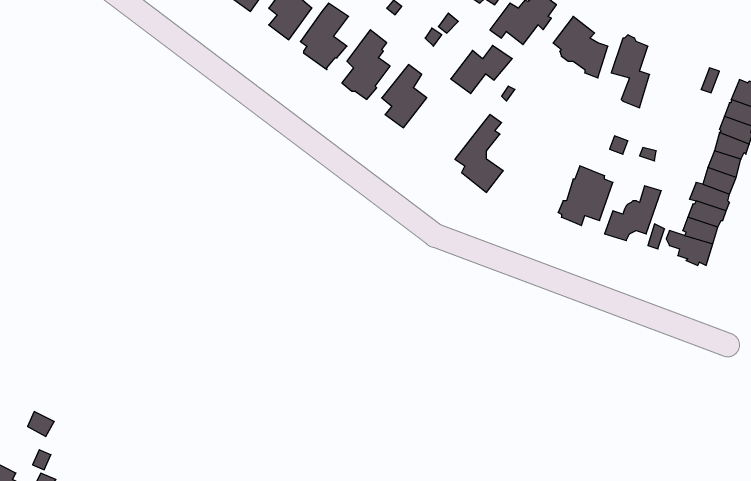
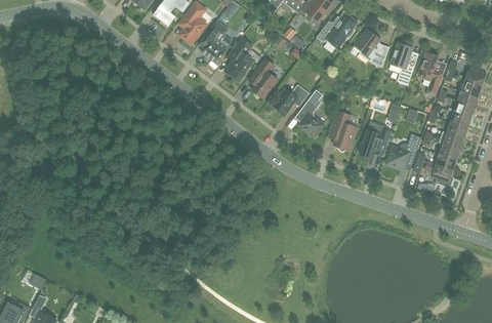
building: [451,45,512,94] -> [272,84,310,114]
building: none -> [417,51,447,96]
building: none -> [329,111,357,151]

